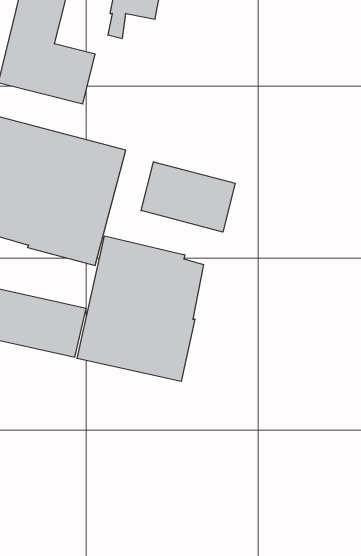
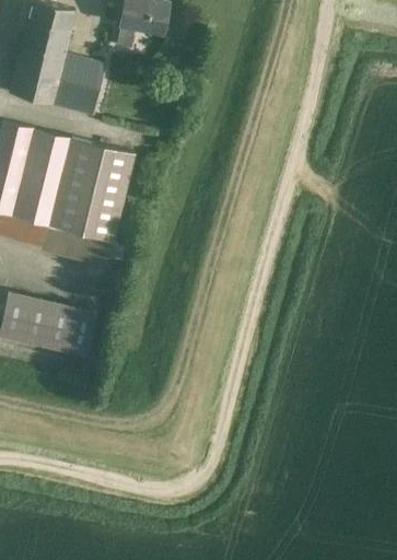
building: [141,162,235,232] -> none
building: [77,236,204,381] -> none

